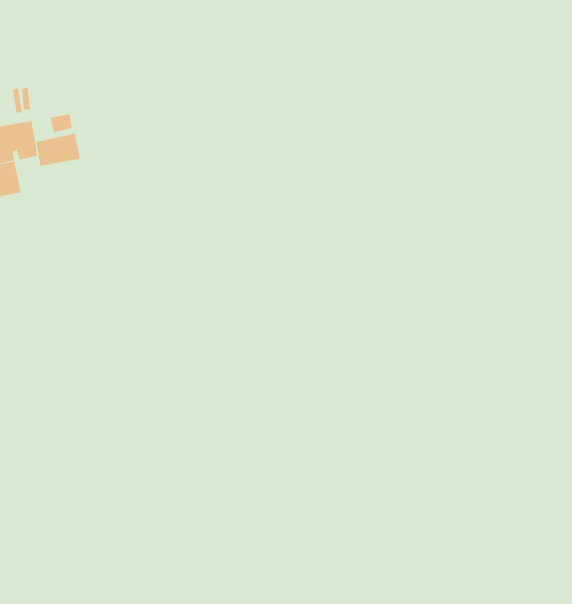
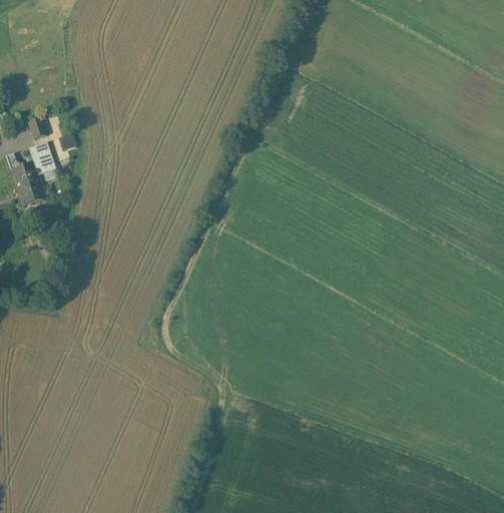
building: [36,133,80,167] -> none

